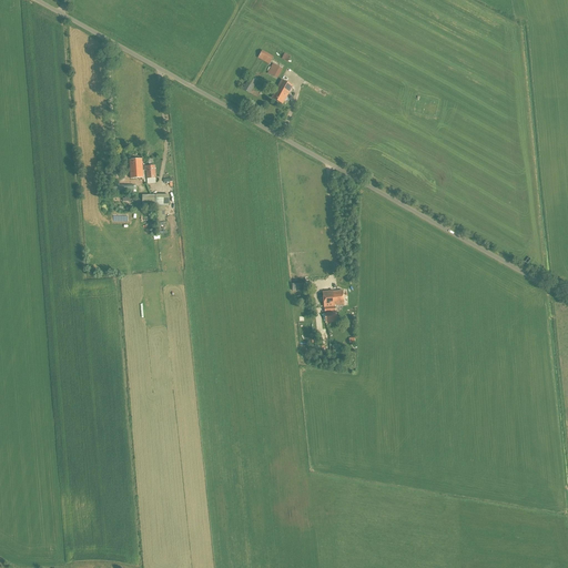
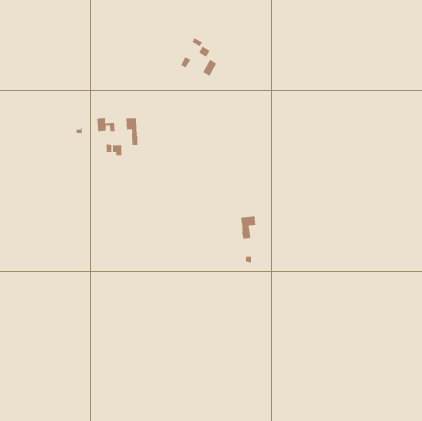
building: none -> [125,118,138,146]

